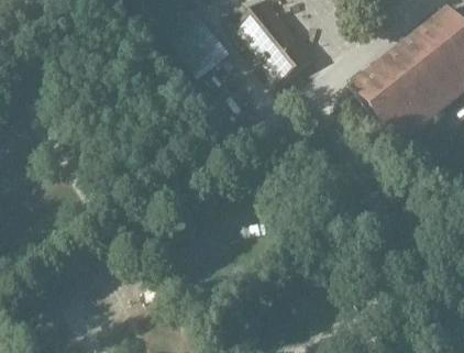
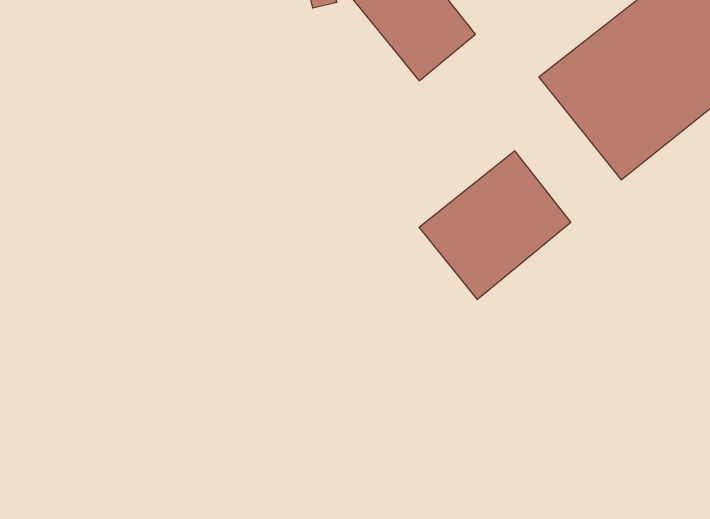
building: none -> [419,151,571,300]

